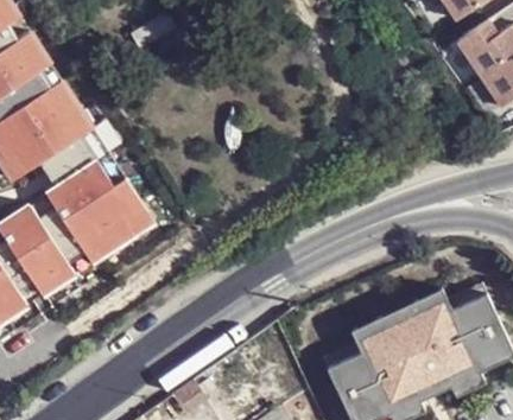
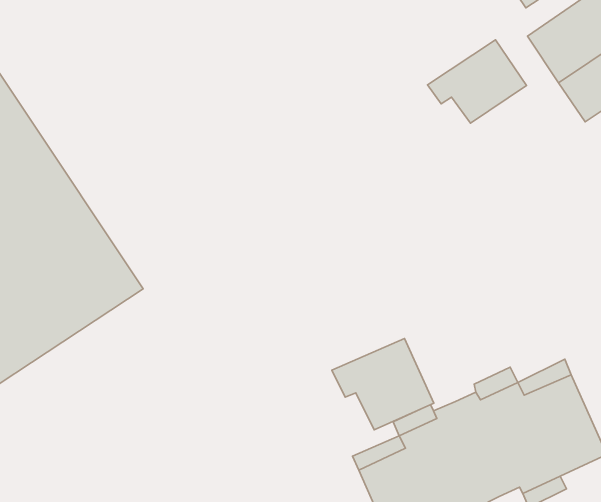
building: none -> [428,40,526,123]
building: none -> [332,339,434,430]

